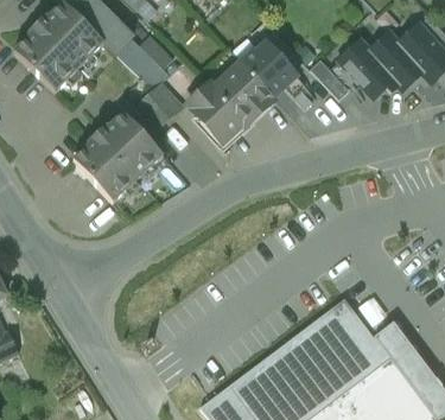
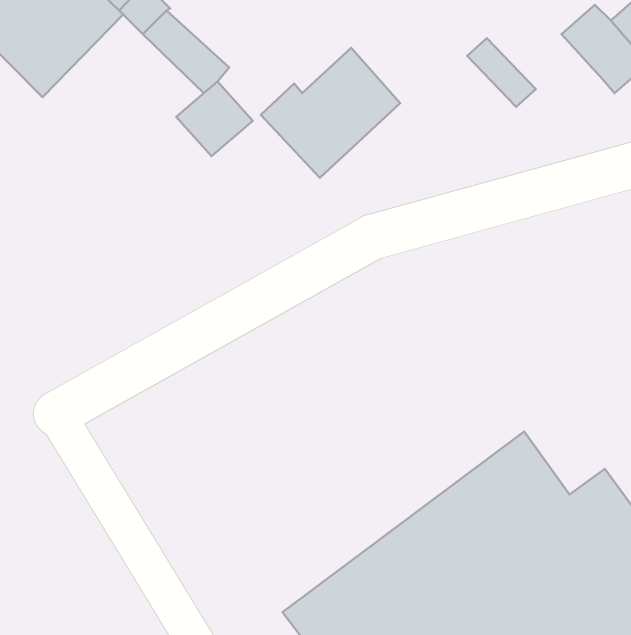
building: [242,46,294,97] -> none
building: [341,46,394,102] -> none
building: [74,114,164,204] -> none

